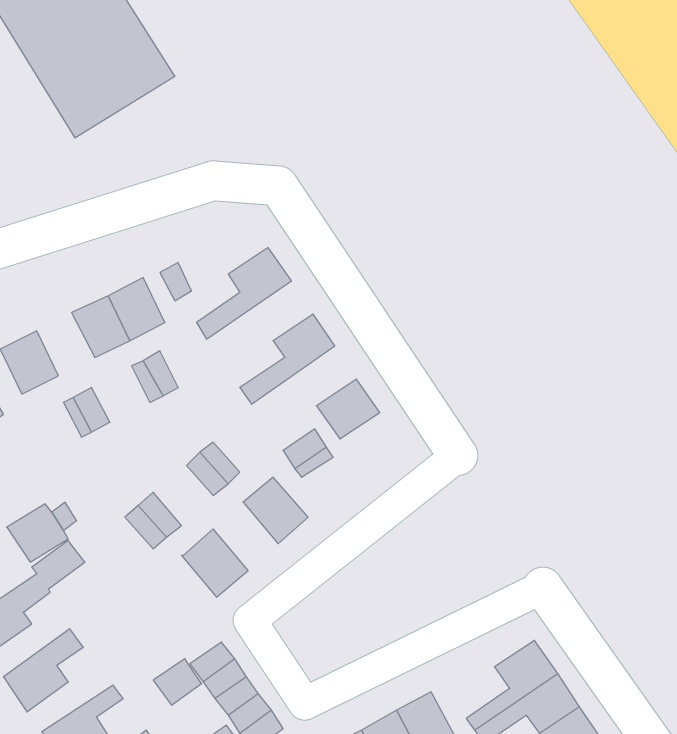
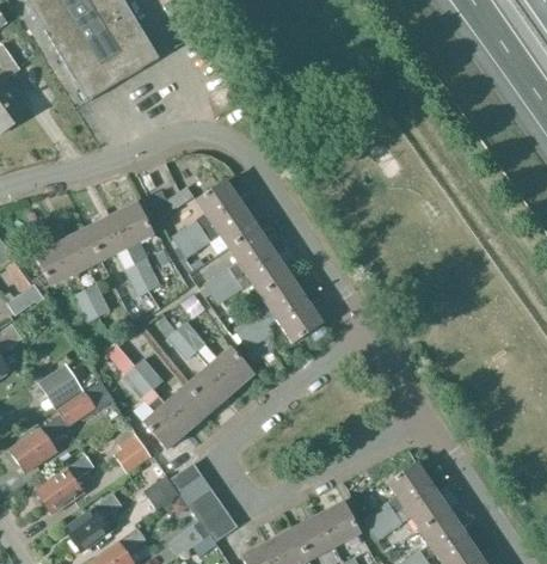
building: none -> [182,204,258,253]
building: none -> [60,227,102,272]
building: none -> [214,251,289,300]
building: none -> [277,299,321,342]
building: none -> [186,363,233,412]
building: none -> [142,394,189,449]
building: none -> [115,434,149,472]

